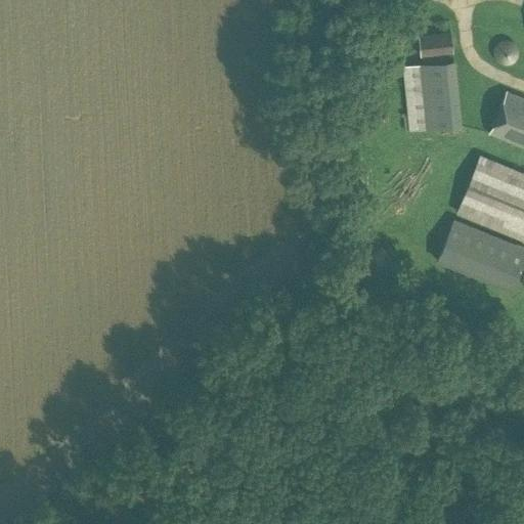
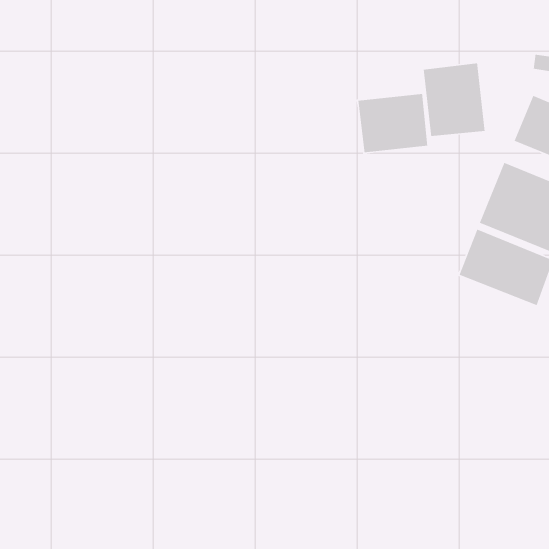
building: [419,32,454,58] -> none
building: none -> [357,93,428,153]

